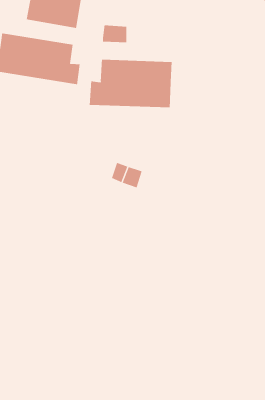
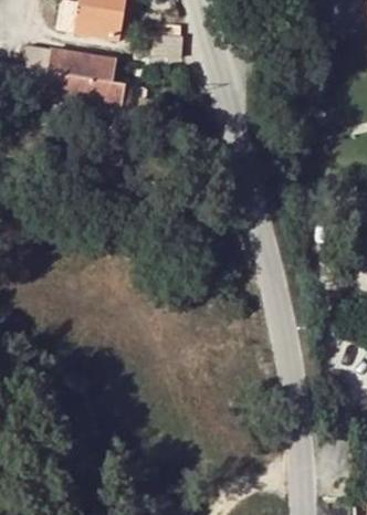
building: [89,59,172,108] -> none

